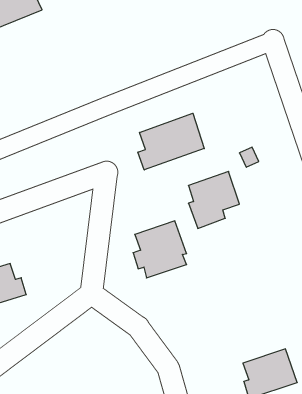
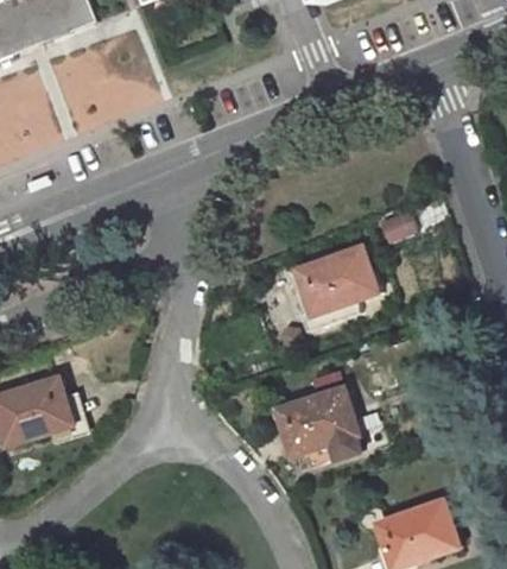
building: [138,113,204,170] -> none
building: [133,221,187,278] -> [280,385,356,466]

